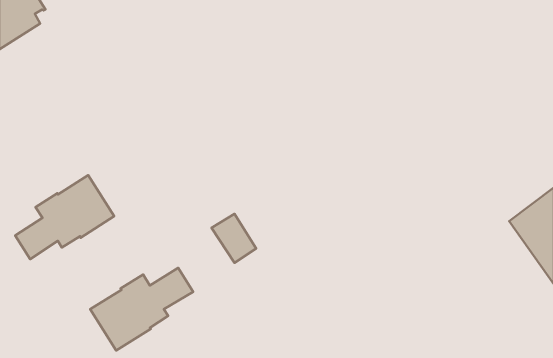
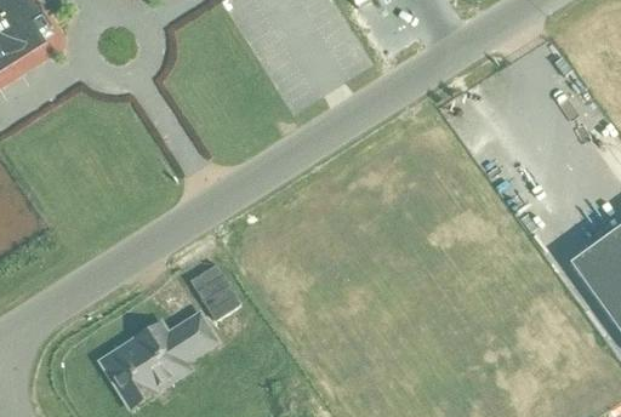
building: [15,175,114,259] -> none
building: [212,214,256,263] -> [192,265,241,320]

